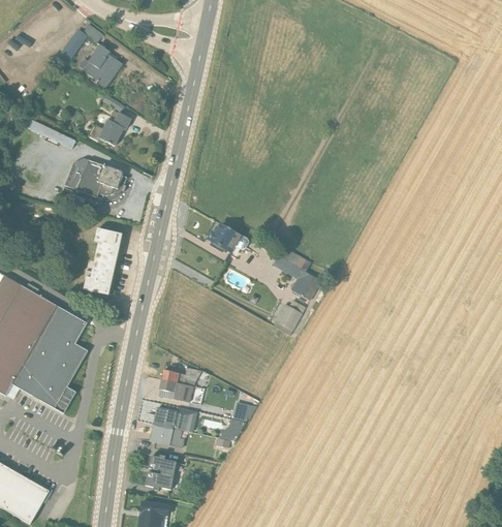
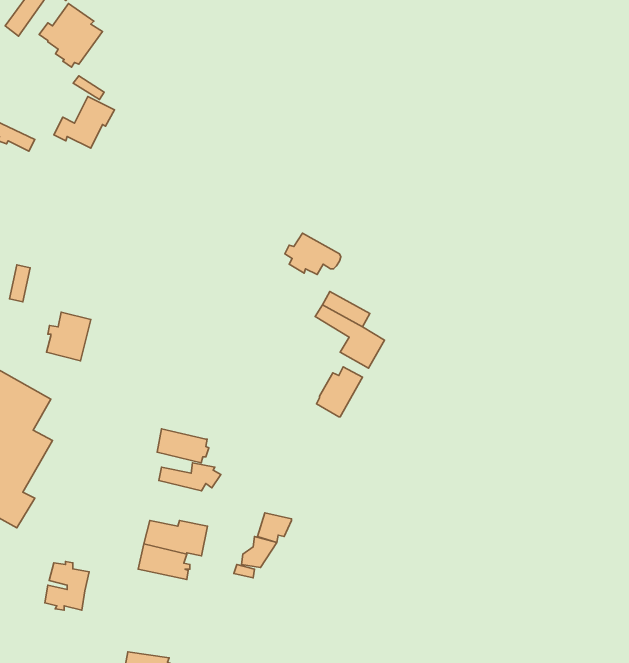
building: [64,158,126,200] -> none
building: [209,224,248,253] -> [285,233,341,275]
building: [94,229,122,267] -> none
building: [158,379,194,403] -> [157,429,209,463]
building: [145,455,176,489] -> [45,561,89,610]

